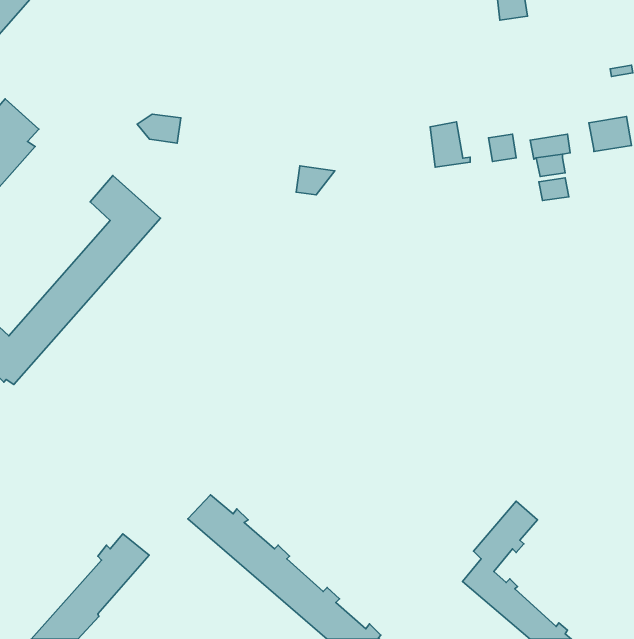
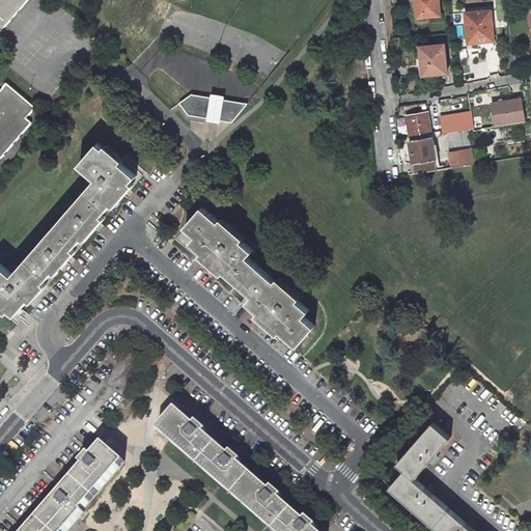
building: none -> [464,8,491,46]
building: none -> [418,43,445,74]
building: [137,114,181,143] -> [173,93,209,117]
building: [430,122,470,167] -> [408,135,441,172]
building: [296,166,335,195] -> [212,96,244,120]
building: none -> [181,208,314,348]

